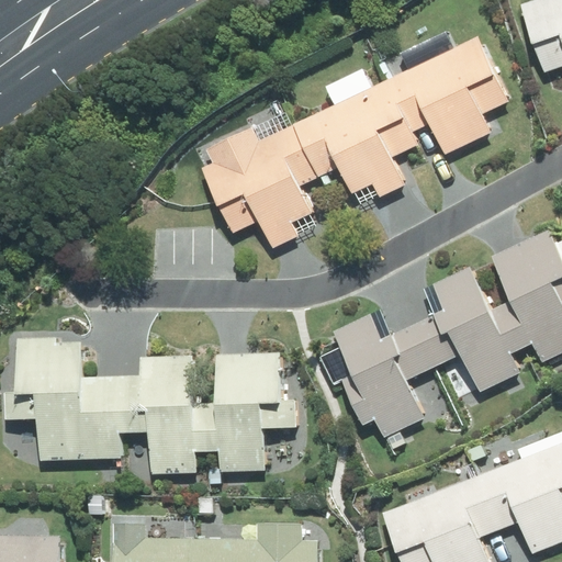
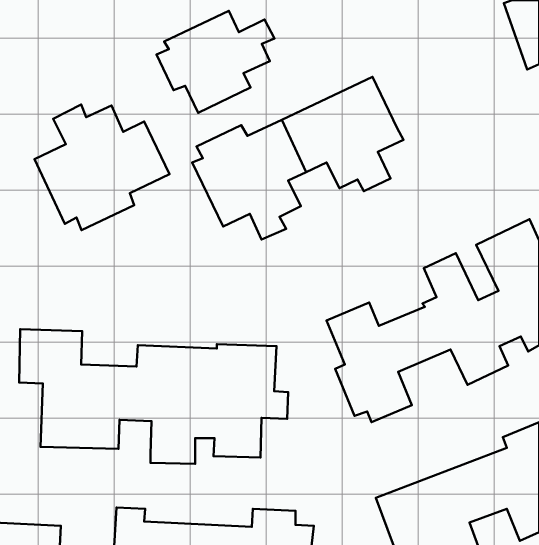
building: none -> [156,11,274,113]
building: [383,37,504,155] -> none
building: none -> [35,105,170,230]

